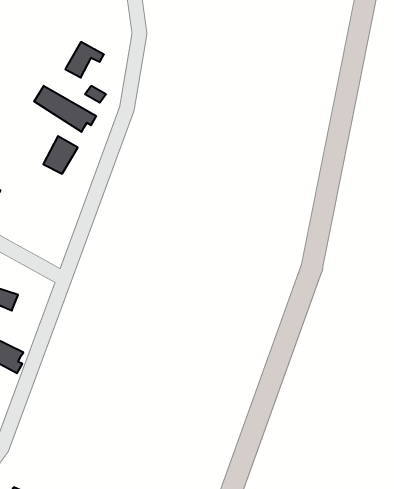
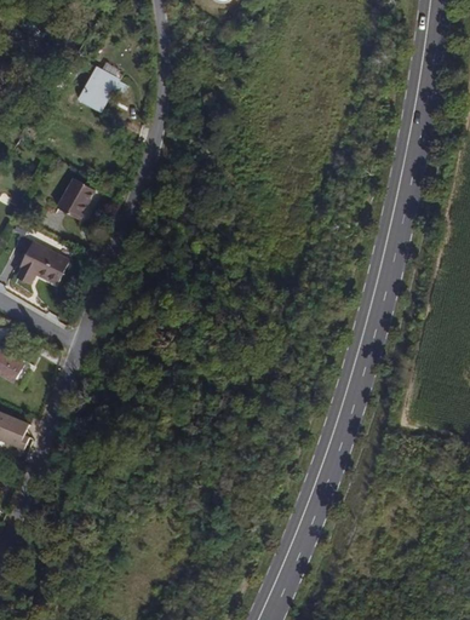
building: [34,86,96,132] -> none
building: none -> [15,241,68,285]

